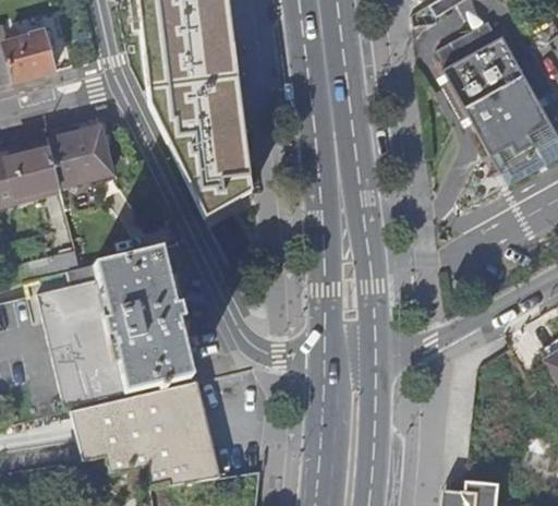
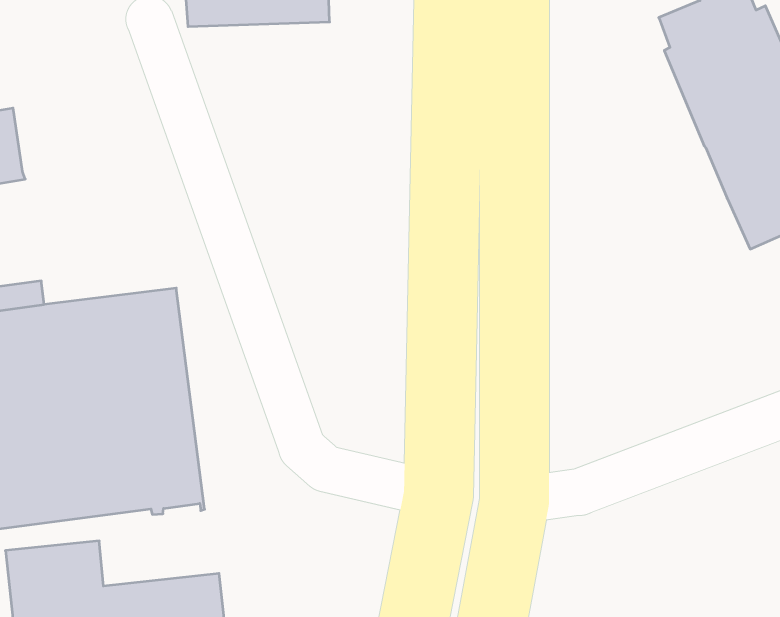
building: [151,72,252,215] -> none
building: [48,122,113,183] -> none
building: [128,376,206,431] -> none

